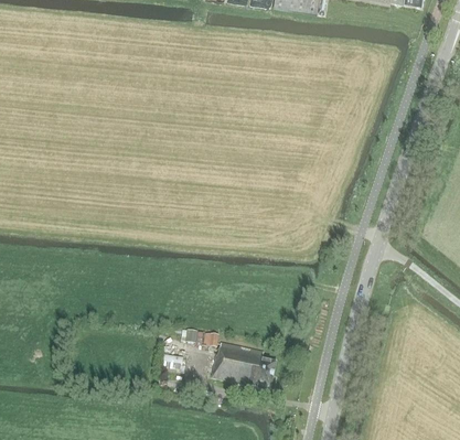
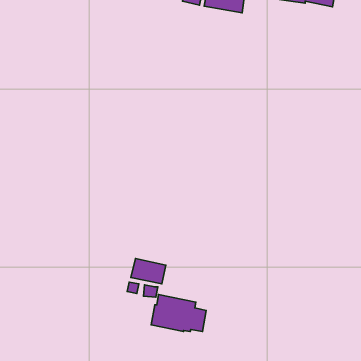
building: none -> [131,258,166,284]

